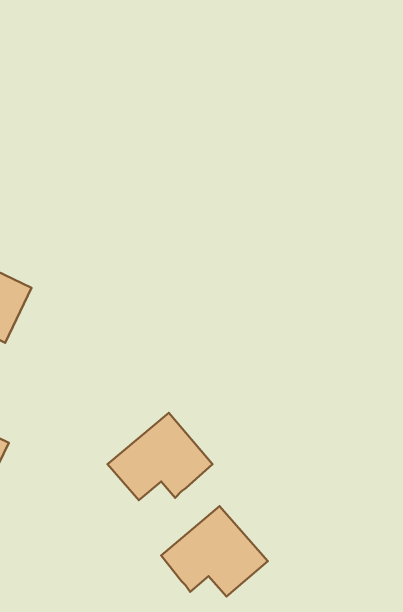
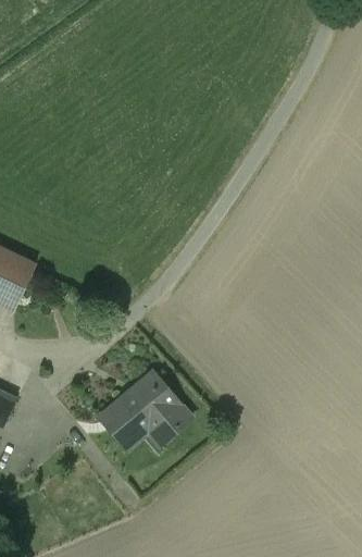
building: [161,506,268,596] -> none

